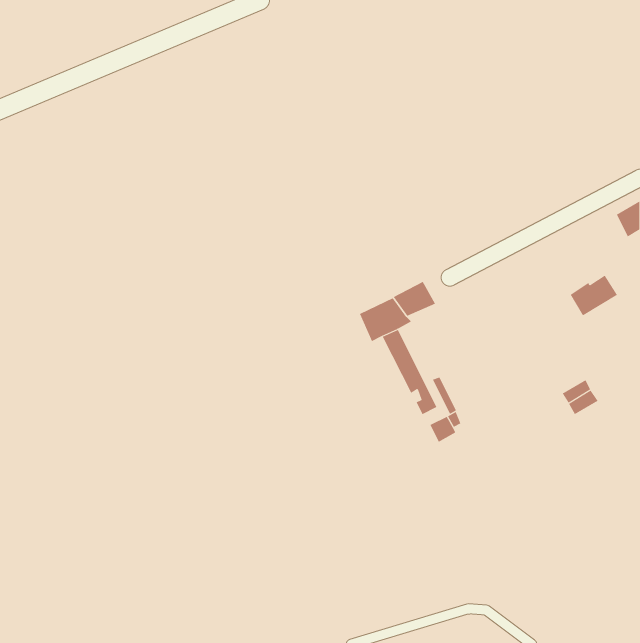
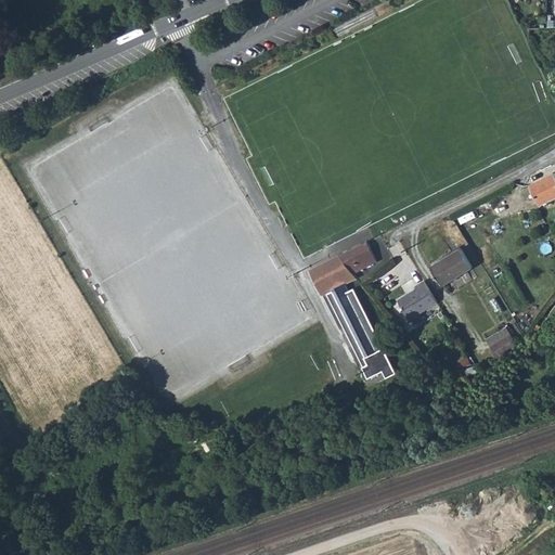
building: [570,275,618,316] -> [429,250,470,286]
building: none -> [396,282,435,320]

